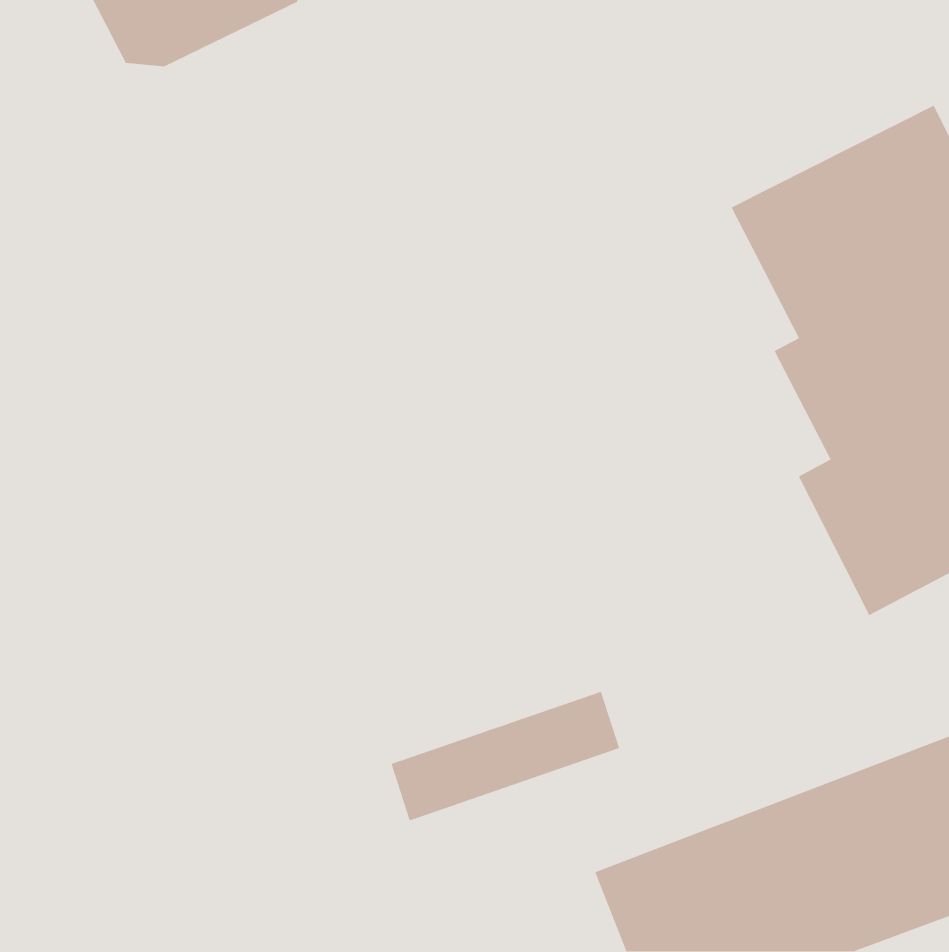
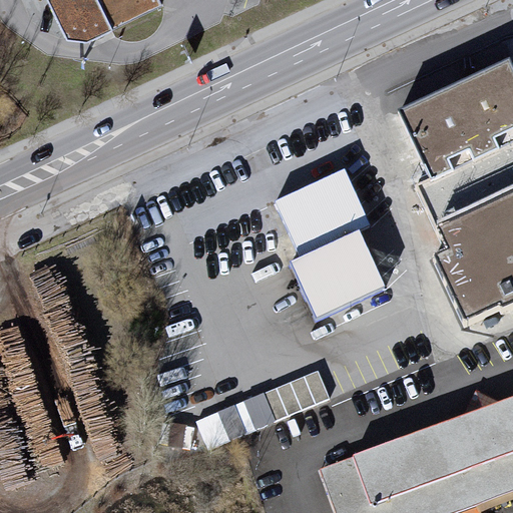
building: none -> [276,167,386,322]

